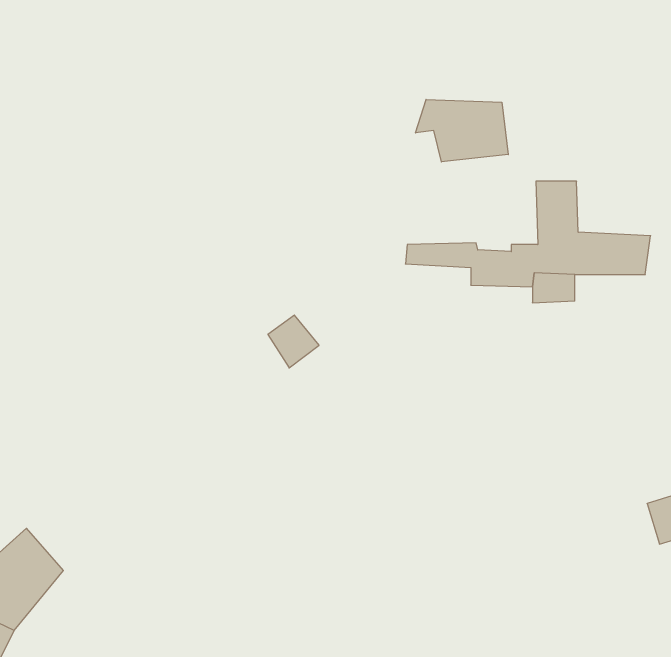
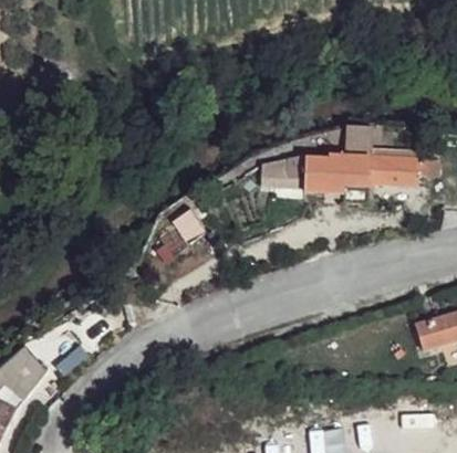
building: [416,99,508,162] -> none

